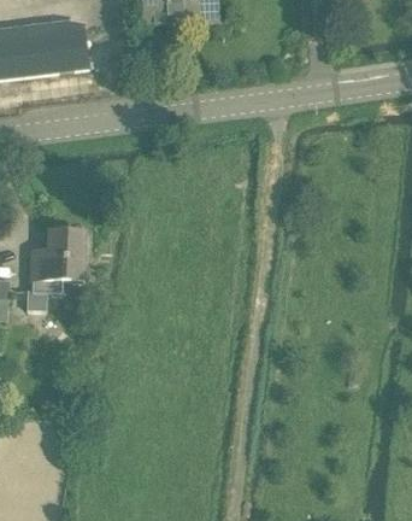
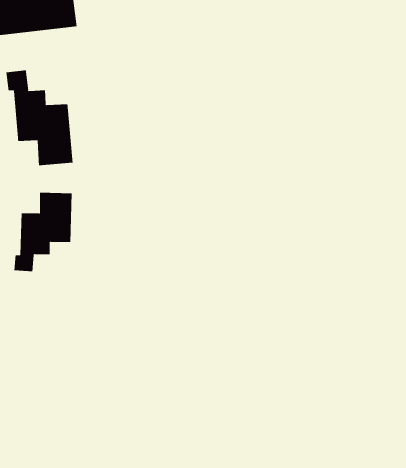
building: none -> [6,70,73,166]

